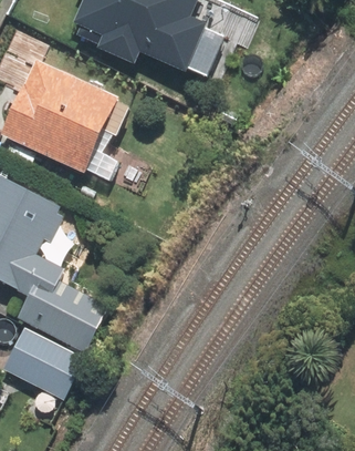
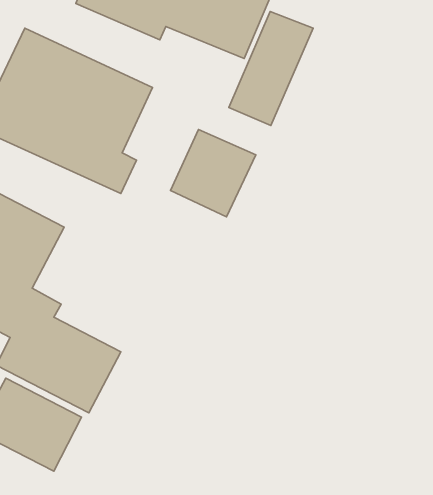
building: none -> [229,11,313,126]
building: none -> [170,129,256,217]

